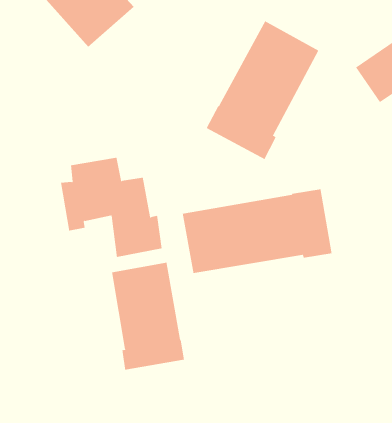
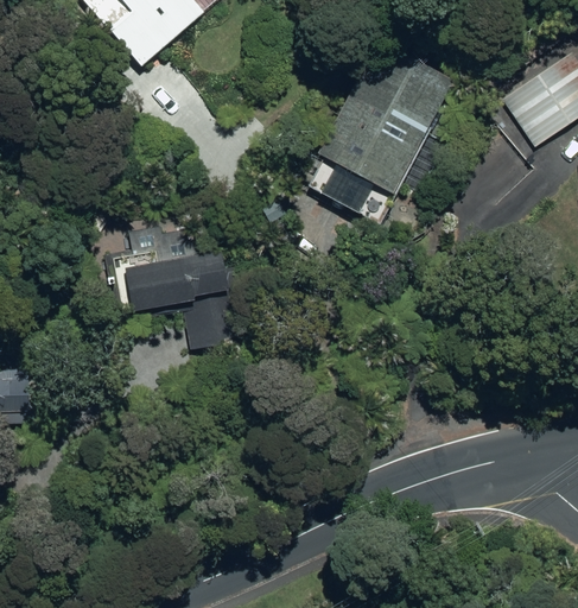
building: [182,189,332,274] -> none
building: [112,262,184,371] -> none

